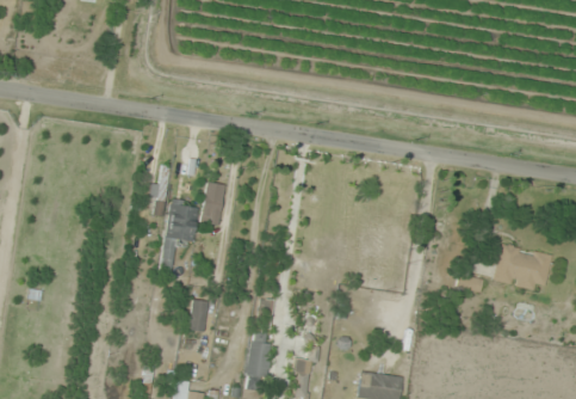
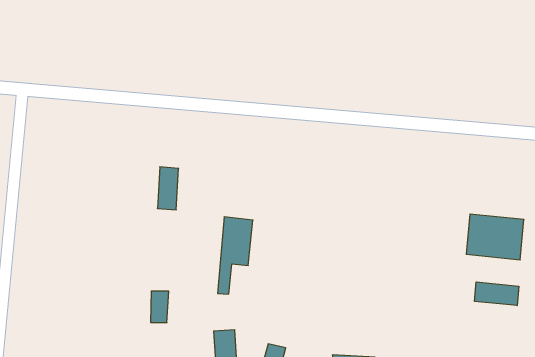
building: [160,198,198,272] -> [218,217,253,294]
building: none -> [475,282,519,306]

